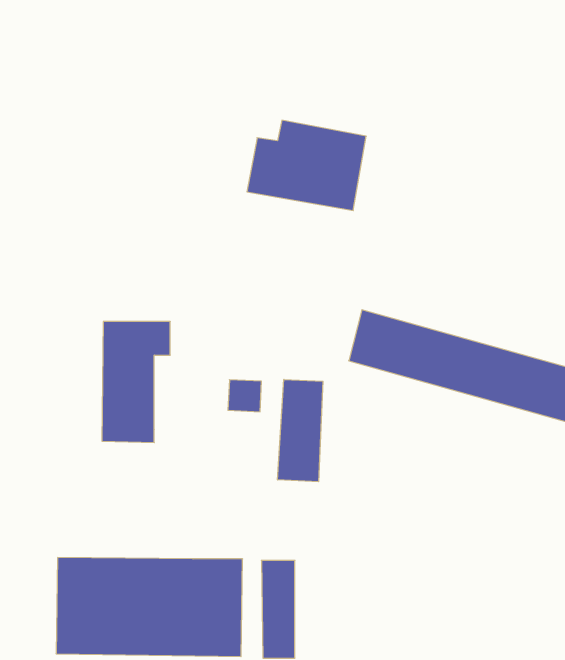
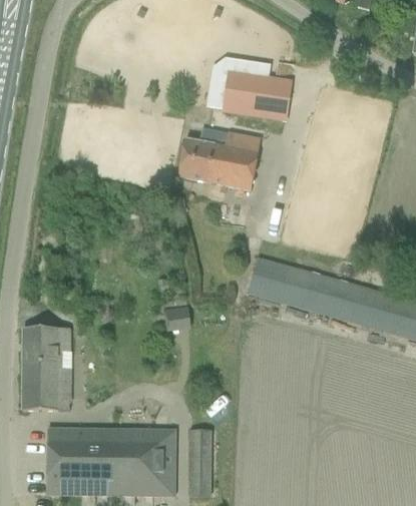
building: none -> [223,72,294,119]
building: [102,322,170,443] -> [23,327,70,410]
building: [278,379,323,482] -> none

